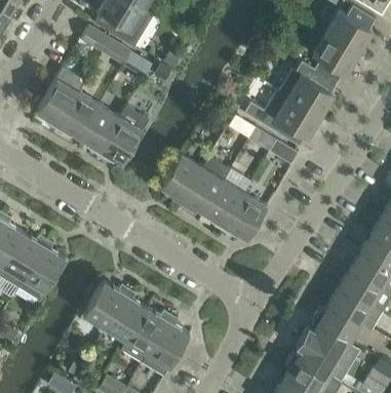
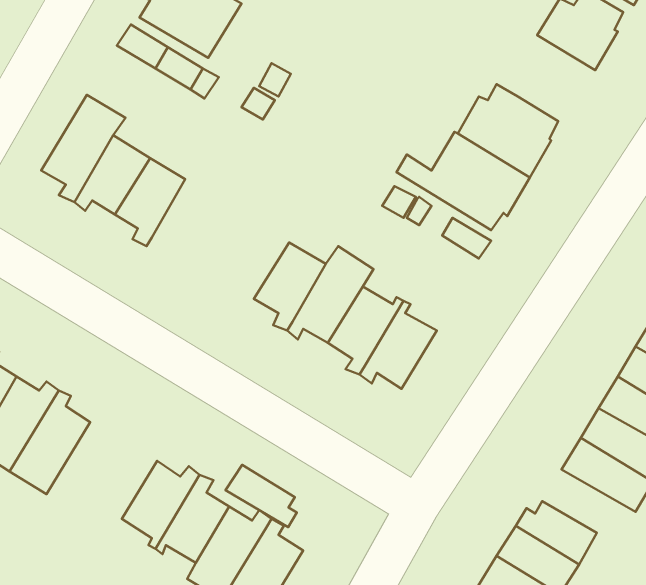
building: [313,33,360,83] -> none
building: [99,108,149,163] -> none
building: none -> [225,465,297,527]
building: [329,286,384,330] -> none

